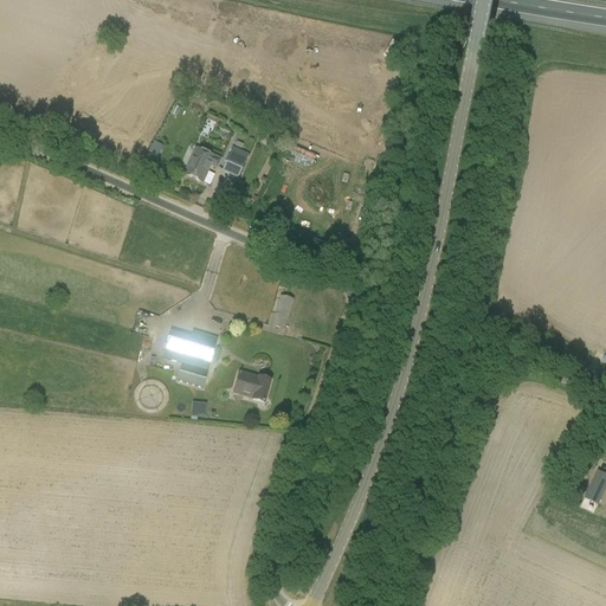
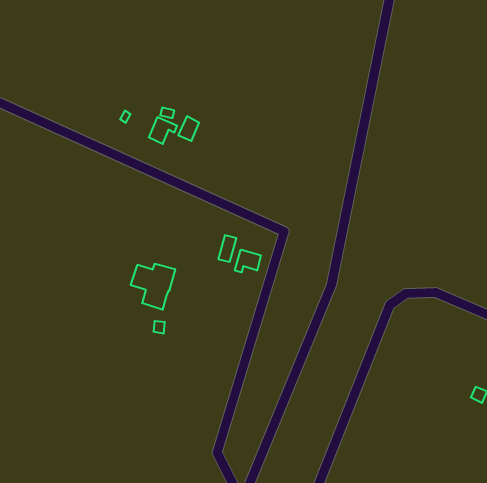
building: none -> [235,250,261,272]
building: [233,369,271,400] -> none

